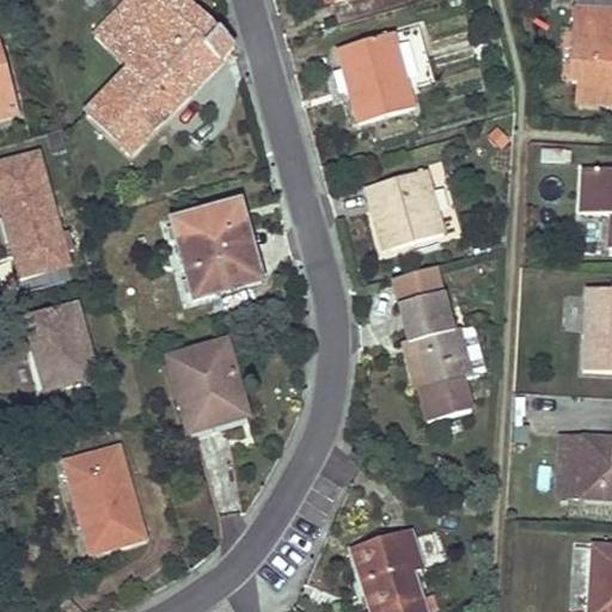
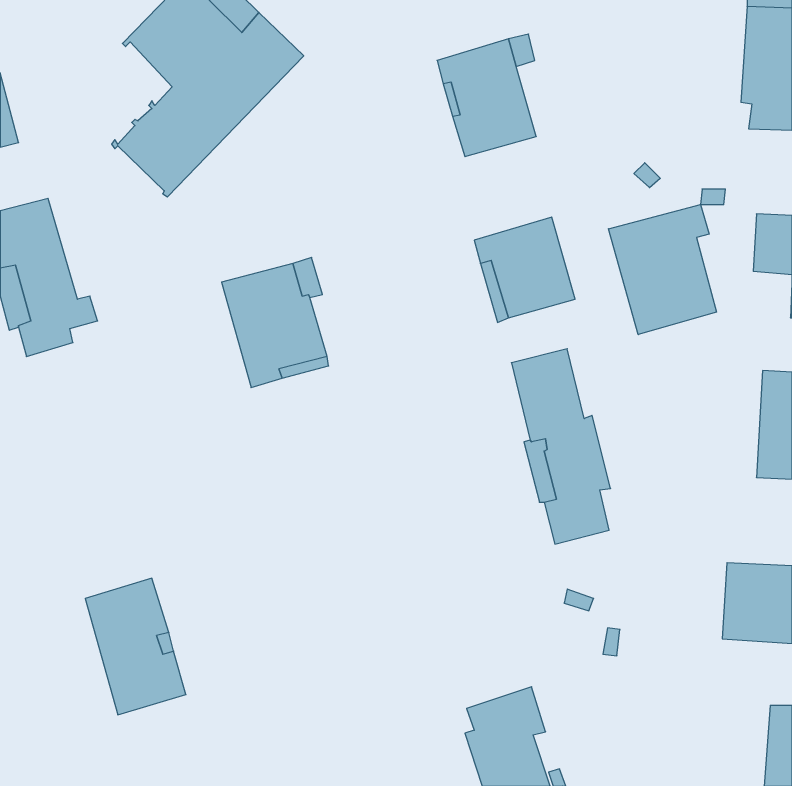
building: none -> [608,204,717,335]
building: [25,302,97,390] -> none
building: [171,341,250,432] -> none

